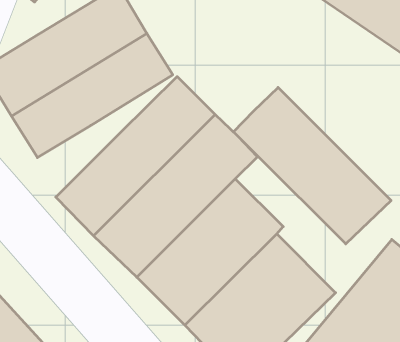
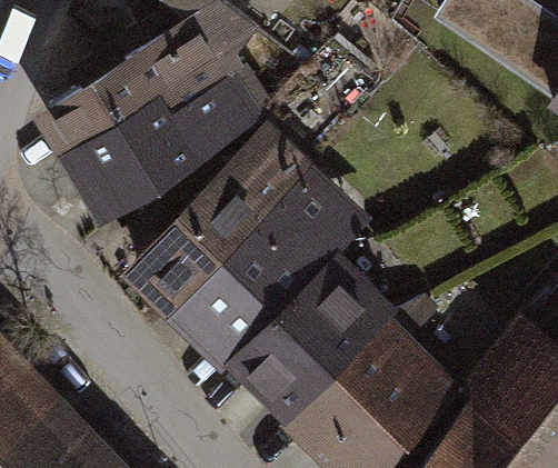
building: [234,87,391,244] -> none

